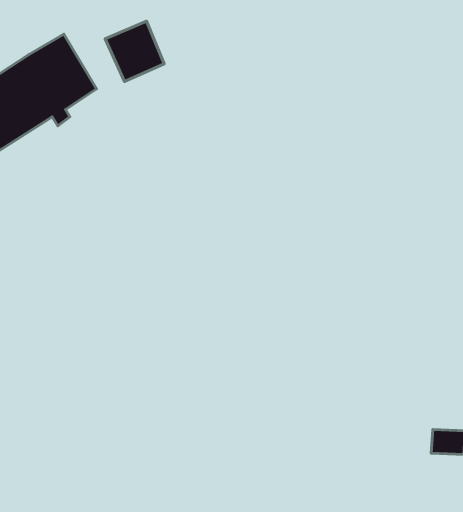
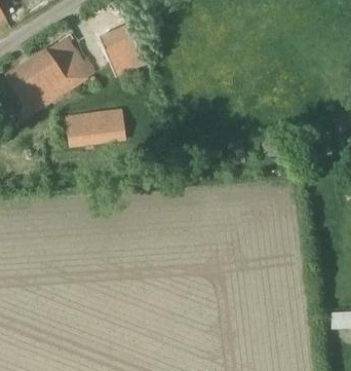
building: none -> [66,107,126,148]

